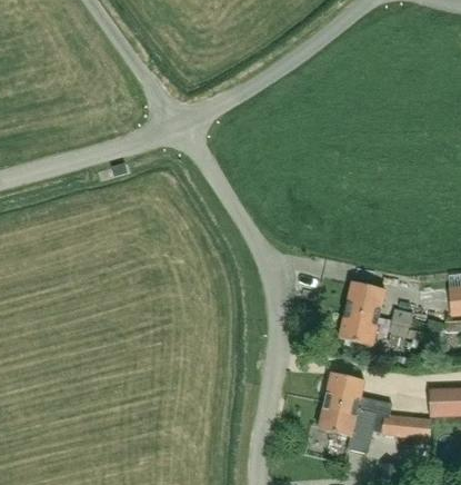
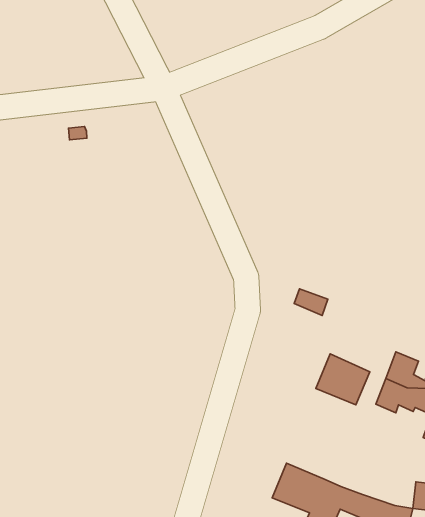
building: [344,279,384,316] -> none
building: [324,370,391,413] -> none

